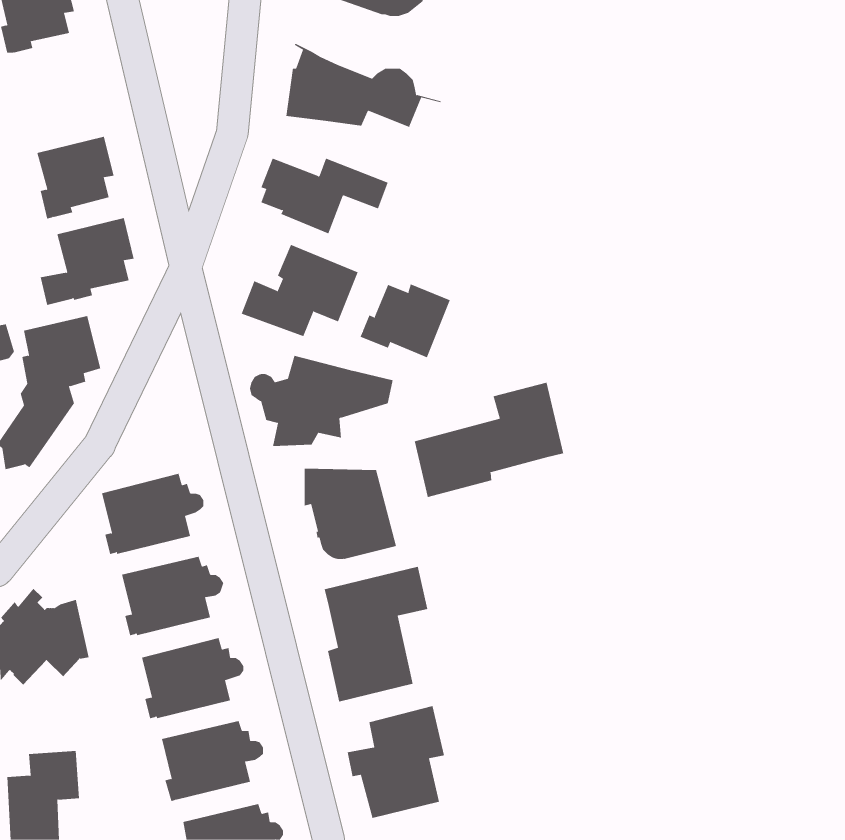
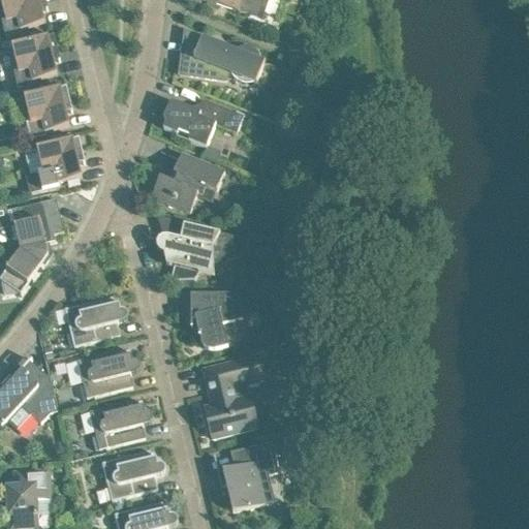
building: none -> [10,33,59,85]
building: [360,284,451,358] -> none
building: [414,382,564,498] -> none

